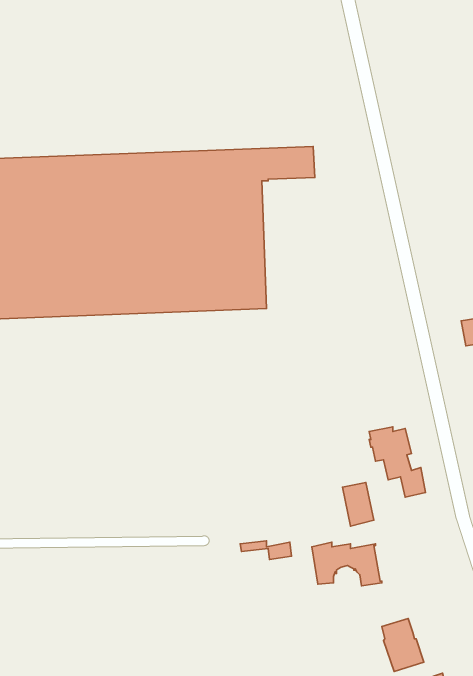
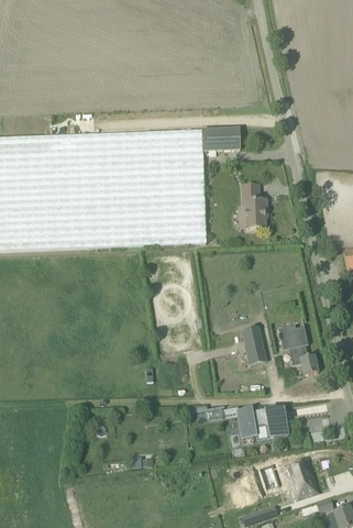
building: none -> [242,184,266,227]
building: [343,483,374,526] -> [242,326,264,356]

